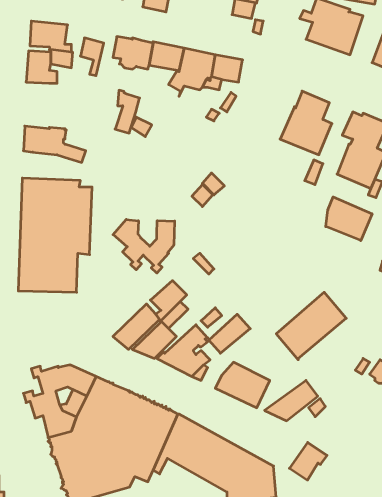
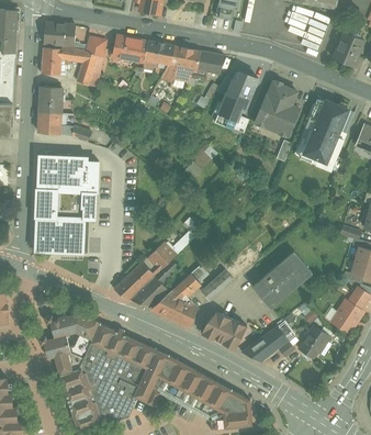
building: none -> [216,69,257,123]
building: [115,90,140,133] -> [76,49,97,86]
building: none -> [38,87,60,114]
building: [326,197,372,241] -> none
building: [113,219,175,273] -> none
building: [289,442,327,480] -> [297,327,329,359]

